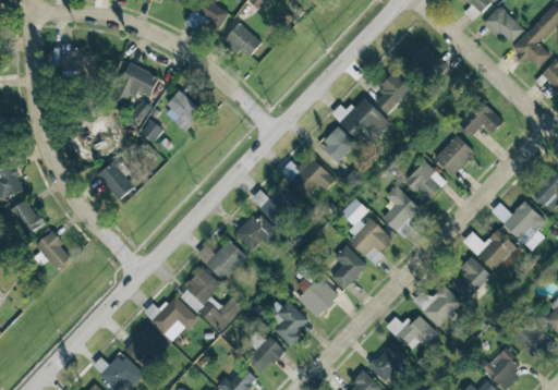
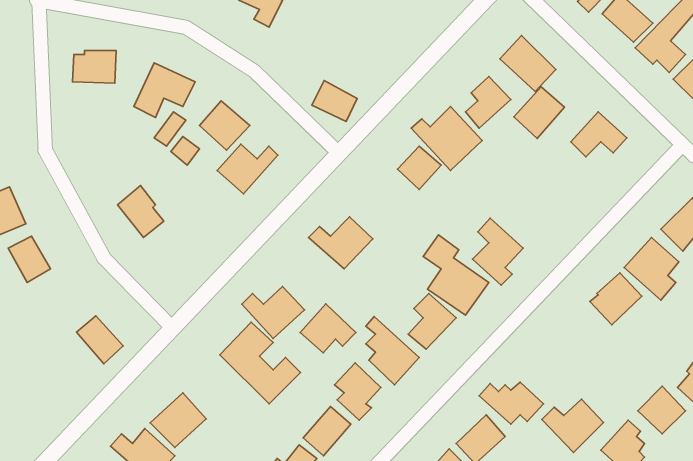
building: [225,24,260,57] -> [312,81,357,122]
building: none -> [217,144,278,194]
building: [434,135,474,176] -> [514,87,564,139]
building: [279,155,335,198] -> none
building: [405,160,446,202] -> none
building: [233,211,278,251] -> [300,304,356,353]
building: [35,232,72,270] -> [77,316,123,364]
building: [453,257,490,300] -> none
building: [412,284,461,327] -> [542,399,603,452]
building: [143,295,198,341] -> none

